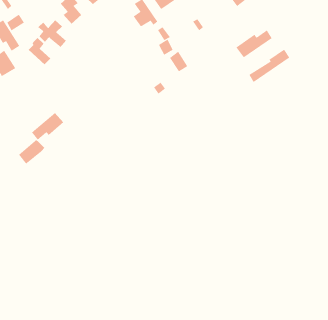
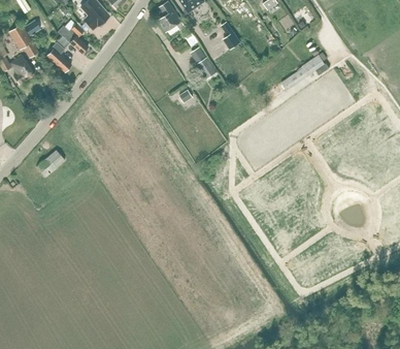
building: [236,29,273,58] -> none
building: [31,112,64,141] -> none

